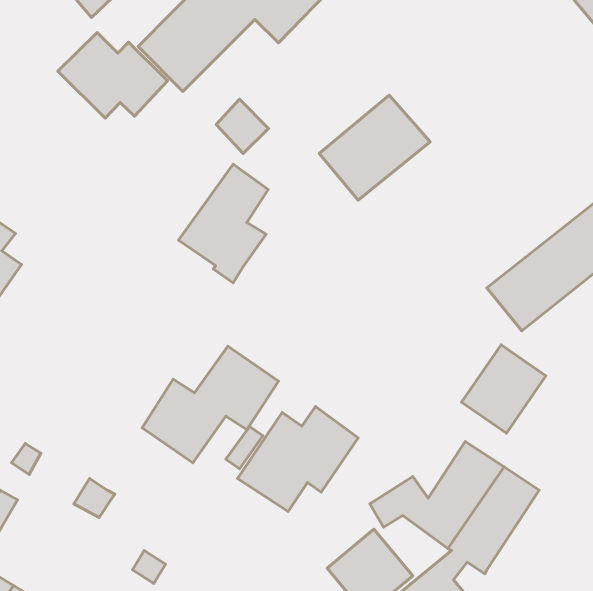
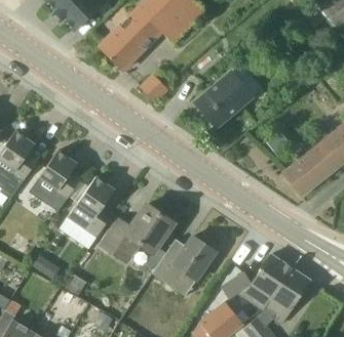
building: [58,33,168,118] -> none
building: [179,164,268,283] -> [67,176,114,239]
building: none -> [39,151,79,206]
building: [462,345,546,433] -> none

